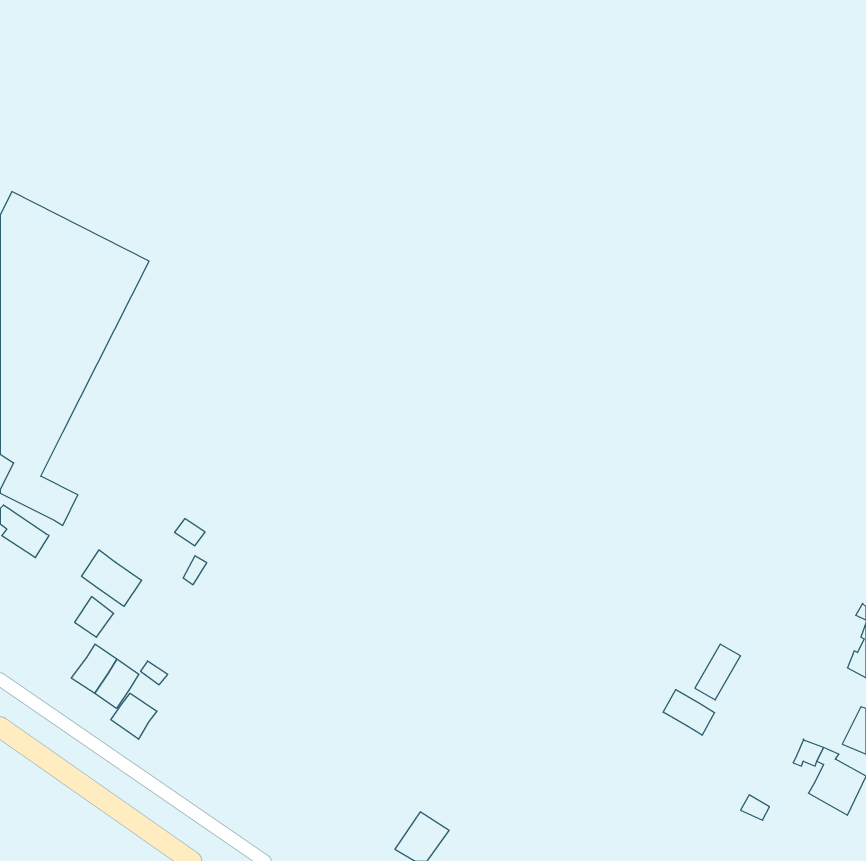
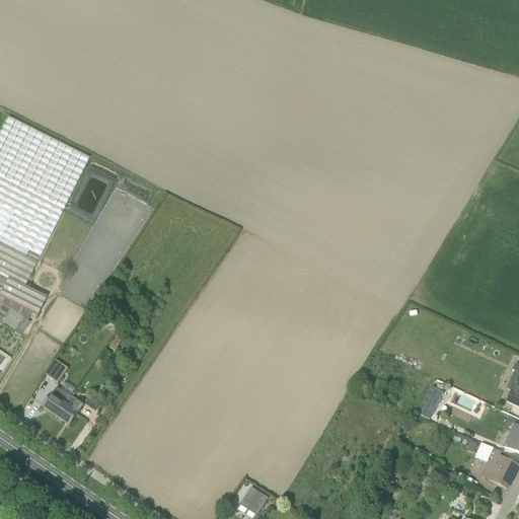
building: [82,550,142,606] -> none
building: [663,690,715,735] -> none
building: [111,693,157,739] -> none

